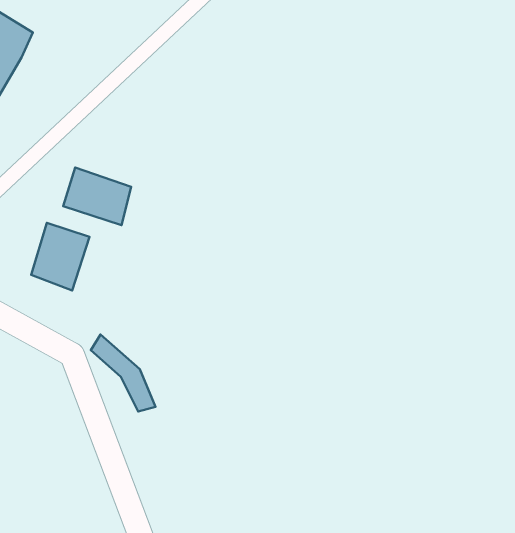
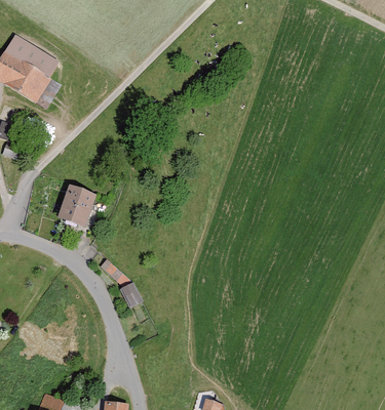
building: [63,168,131,225] -> none

